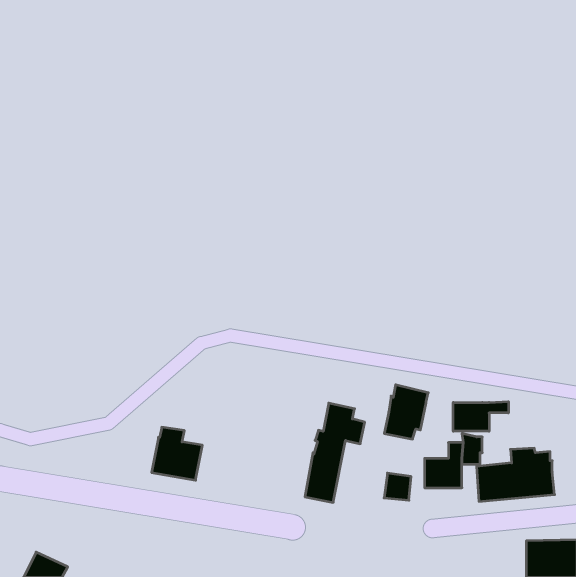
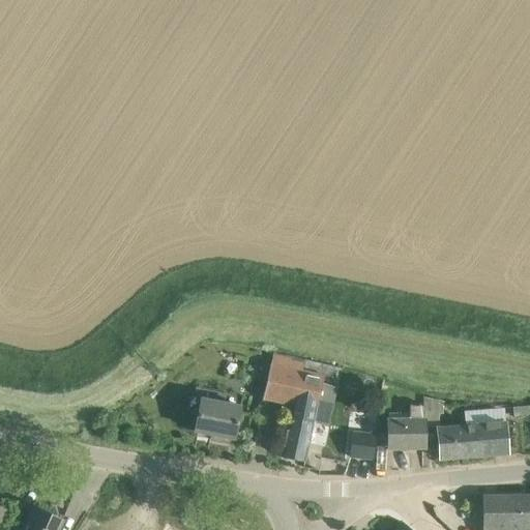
building: [384,385,428,439] -> [264,354,304,404]
building: [453,402,508,431] -> none
building: [152,427,202,480] -> [195,389,241,438]

